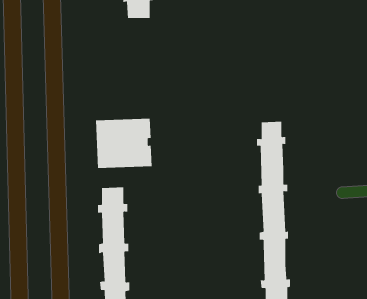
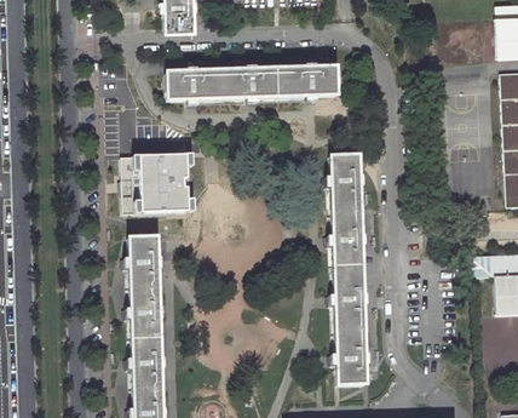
building: none -> [166,61,338,105]

